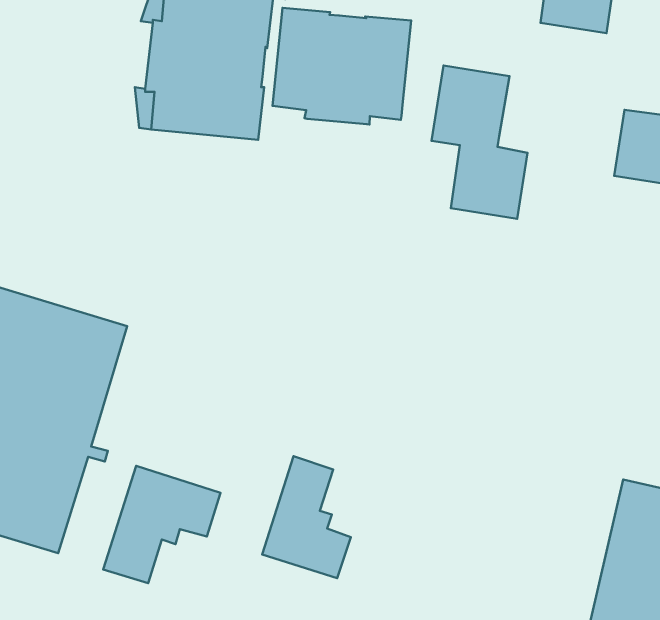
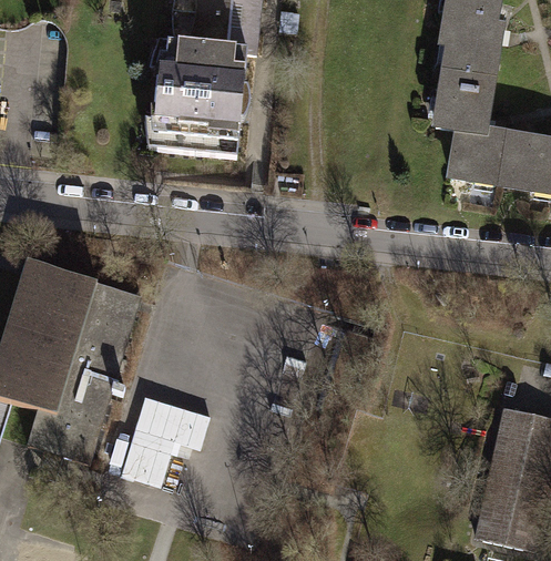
building: [272,8,411,125] -> none
building: [431,66,528,219] -> [436,69,507,182]
building: [262,456,351,578] -> none

